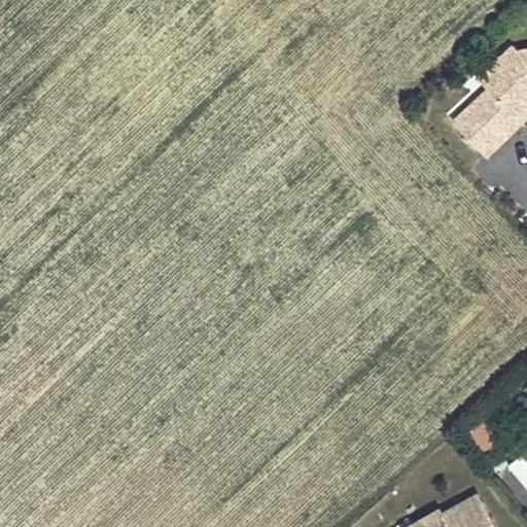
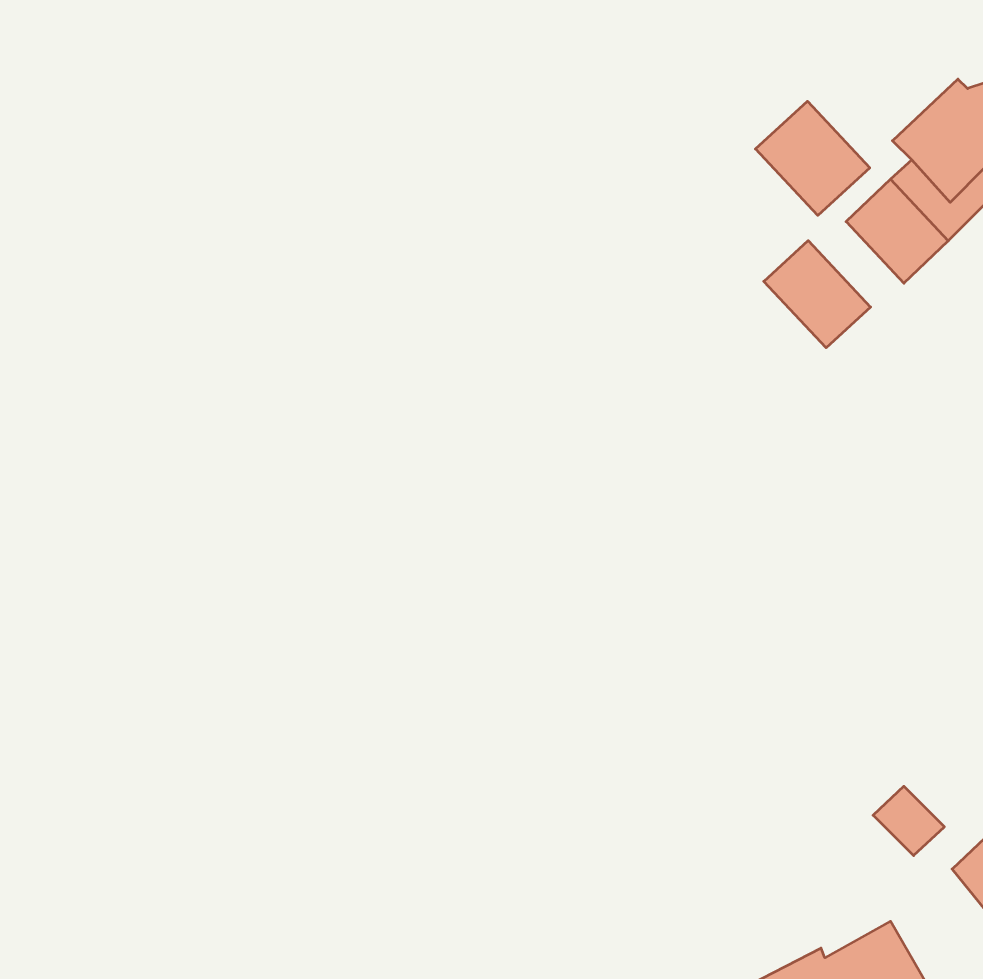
building: none -> [755,101,870,215]
building: none -> [764,241,871,348]

